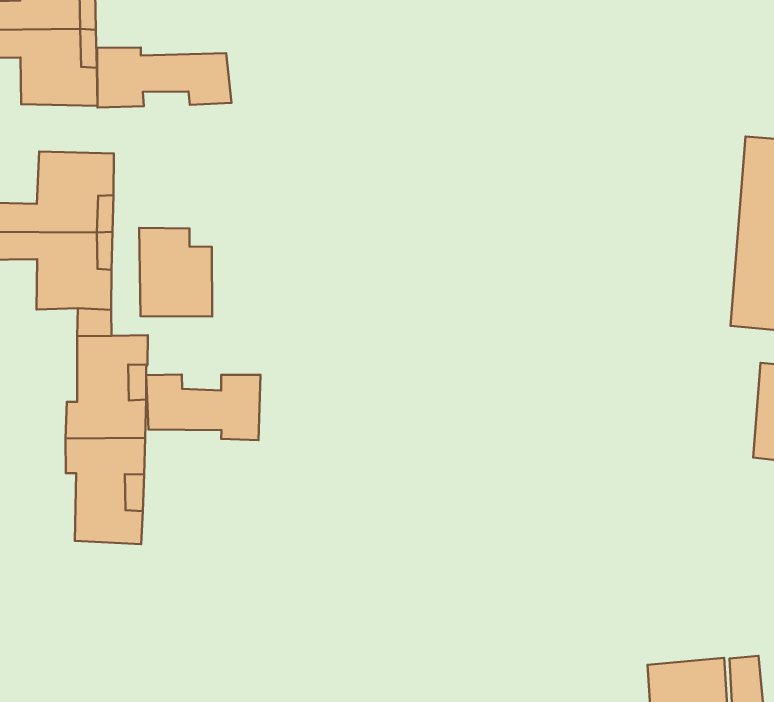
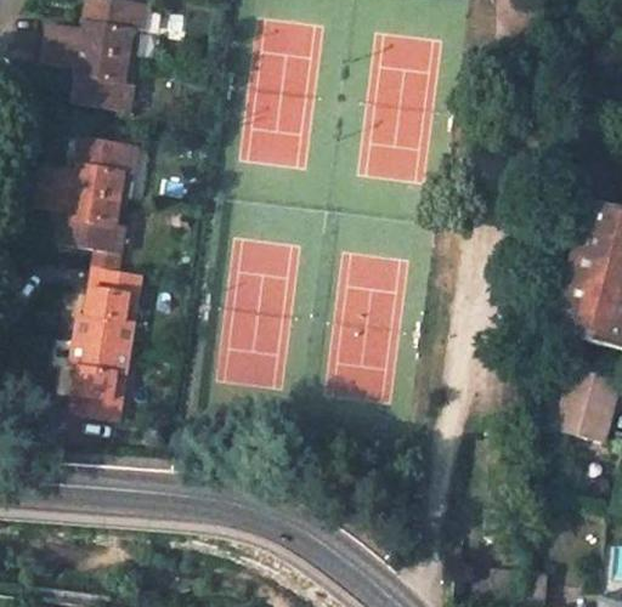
building: [97,48,231,108] -> none
building: [139,228,212,316] -> none
building: [146,375,261,440] -> none

